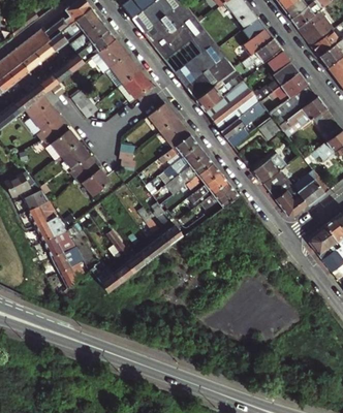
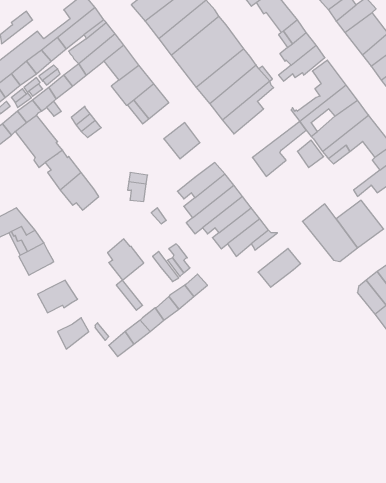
building: [206,81,260,131] -> none
building: [161,119,190,148] -> none
building: [252,152,287,184] -> [258,248,301,287]
building: [81,163,111,197] -> [108,239,144,280]
building: [36,217,66,244] -> none
building: [52,248,85,275] -> none

